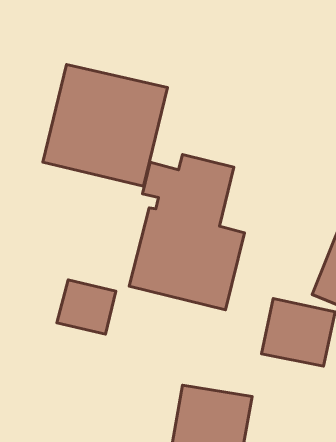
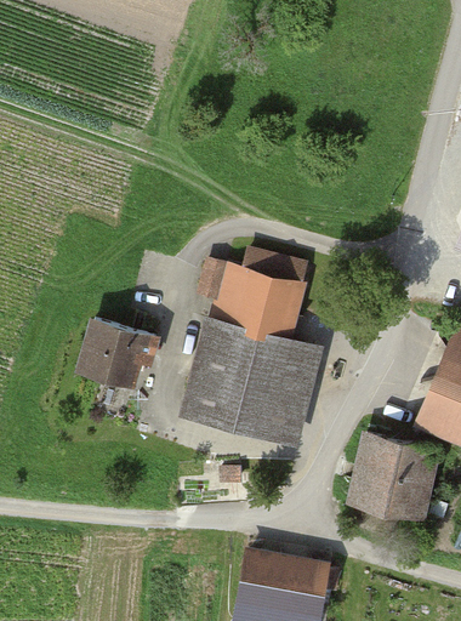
building: [43,65,167,186] -> none
building: [57,280,116,334] -> [74,319,149,388]

